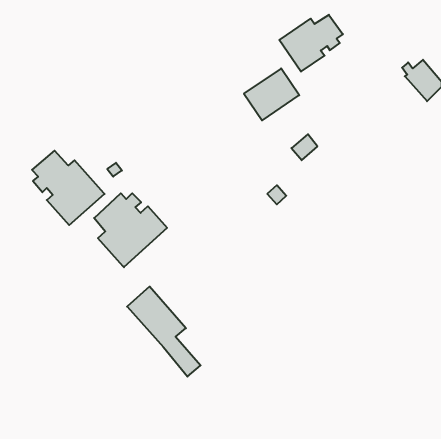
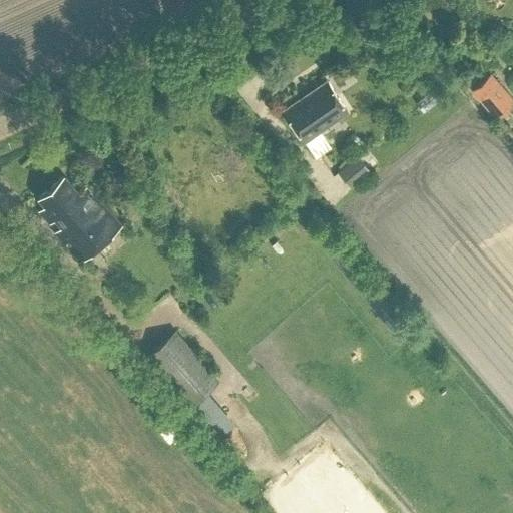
building: [279,15,343,72] -> none
building: [94,193,167,267] -> none

